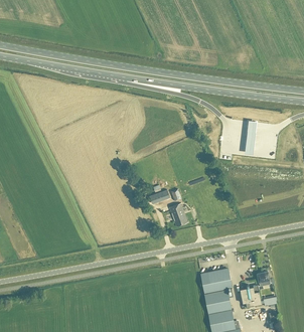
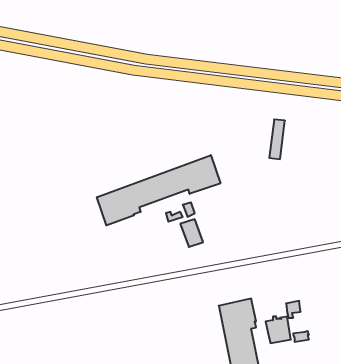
building: none -> [97,155,220,225]

